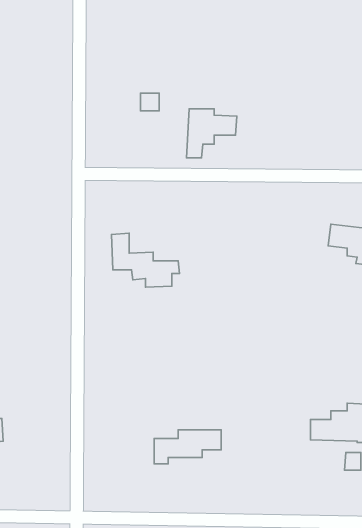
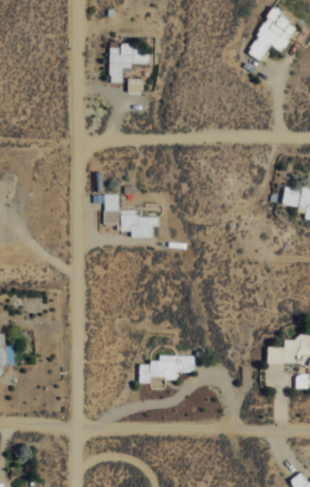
building: none -> [246,9,298,61]
building: [186,109,237,158] -> [108,42,149,83]

